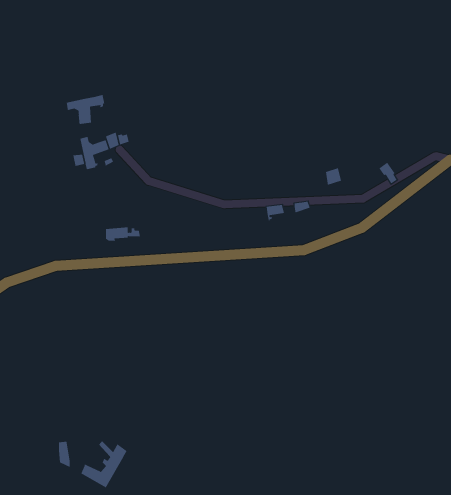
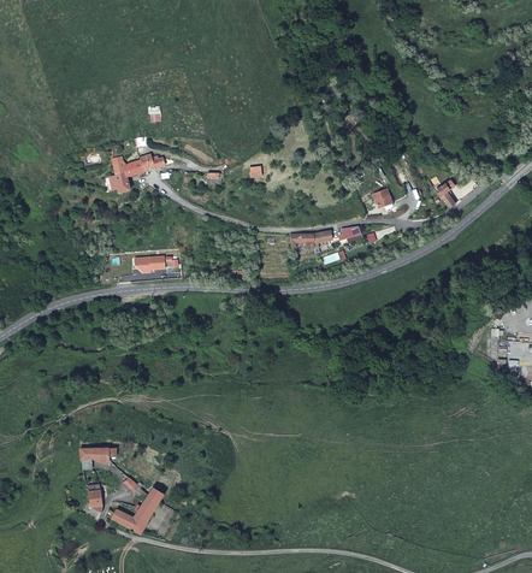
building: [66,94,105,125] -> none
building: none -> [79,447,116,469]

